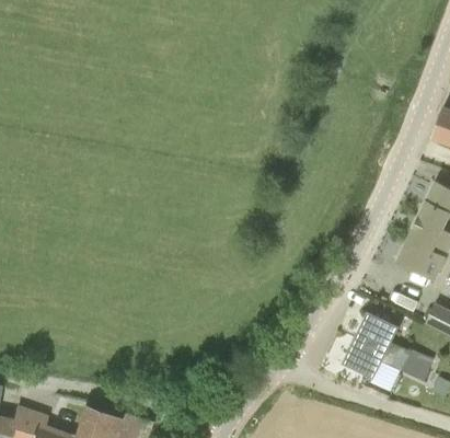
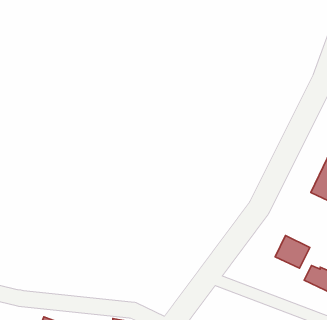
building: [346,337,386,377] -> none

